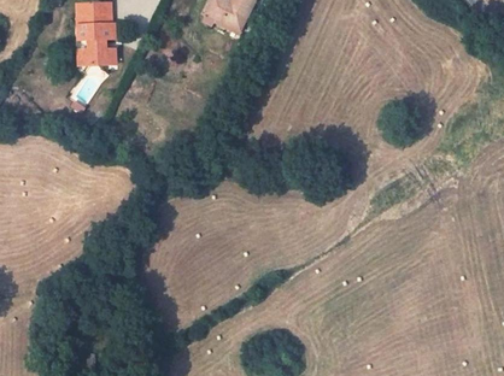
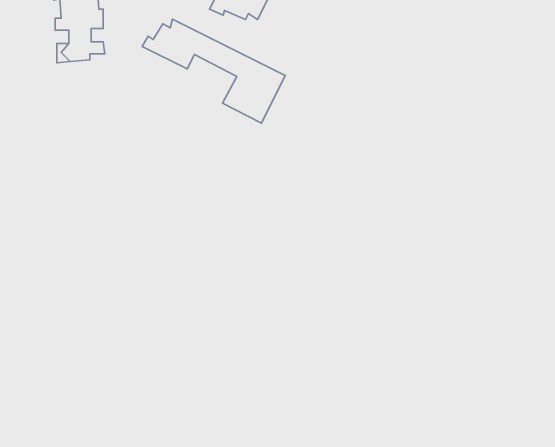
building: none -> [142,19,285,123]

